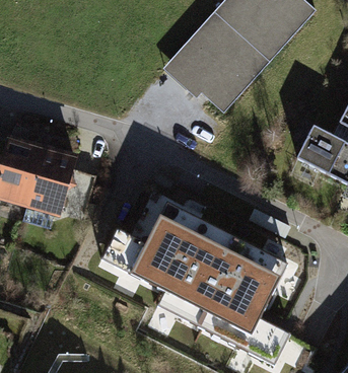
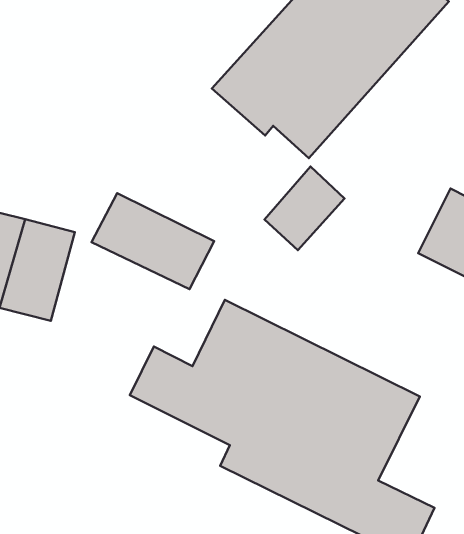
building: none -> [265,167,344,250]
building: none -> [91,193,214,289]

